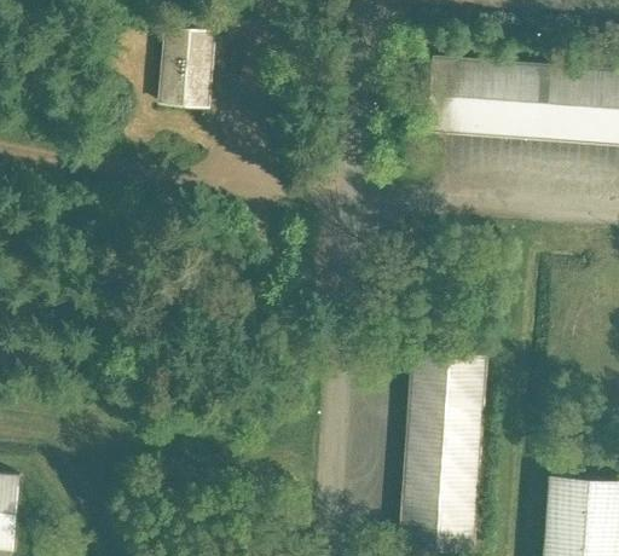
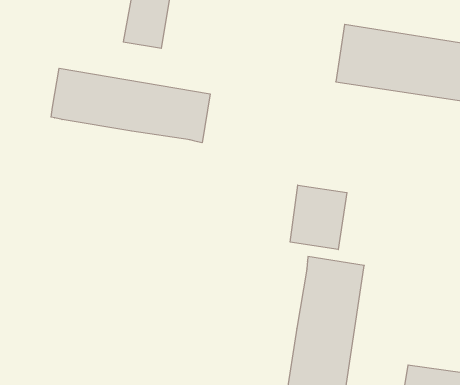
building: none -> [51,68,210,143]
building: none -> [290,185,347,250]

